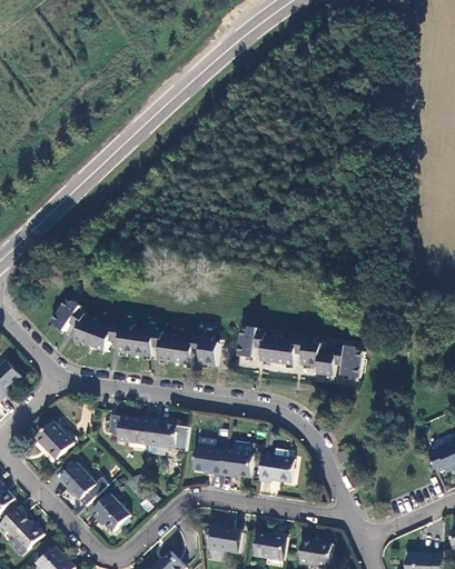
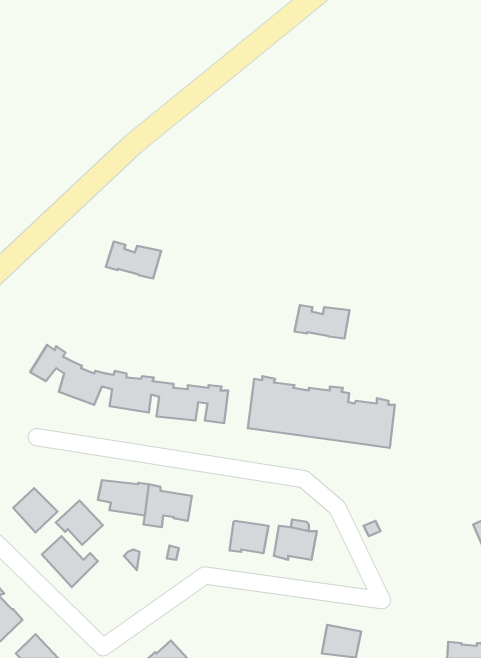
building: none -> [106,241,161,279]
building: none -> [294,305,349,339]
building: [192,437,224,475] -> none
building: [90,493,130,531] -> [56,501,103,545]
building: [208,525,241,552] -> none
building: [255,532,287,559] -> none

